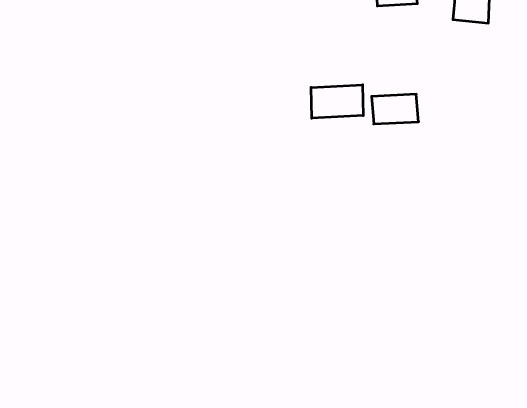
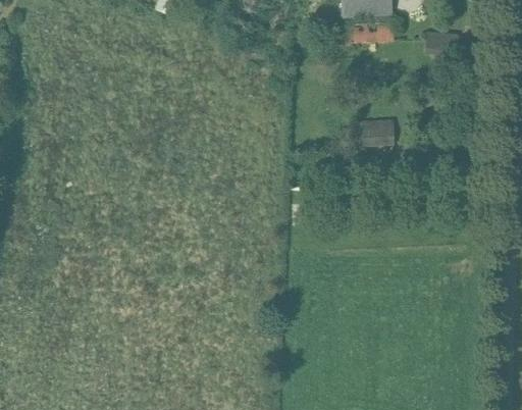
building: [311,85,363,118] -> none

